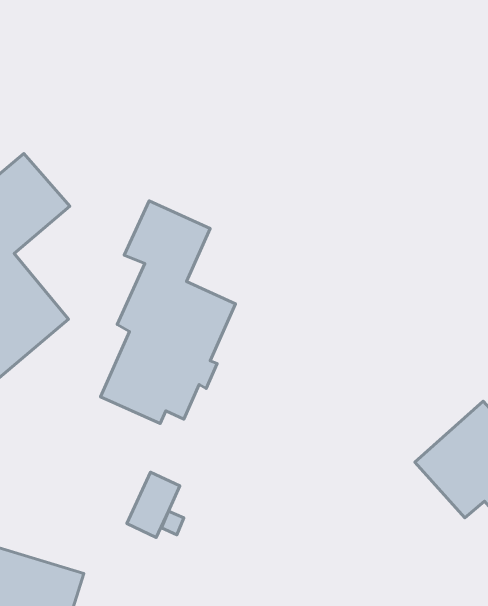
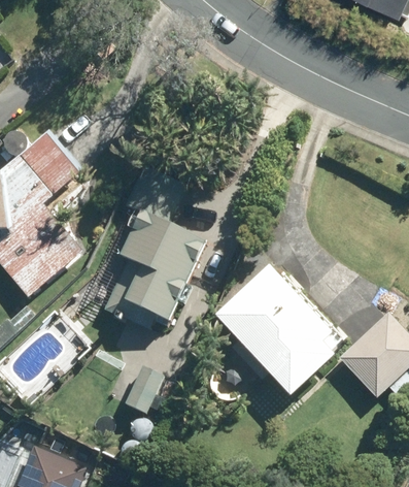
building: none -> [210,268,340,401]

